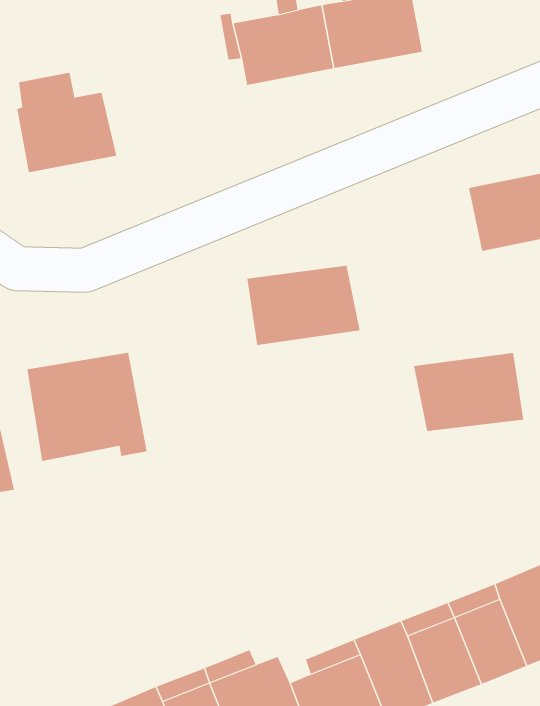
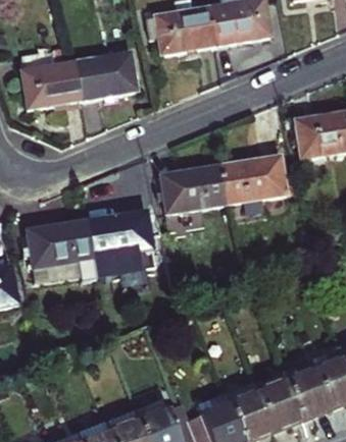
building: none -> [72,51,136,100]
building: none -> [89,209,162,279]
building: [413,353,524,431] -> [221,158,289,206]

